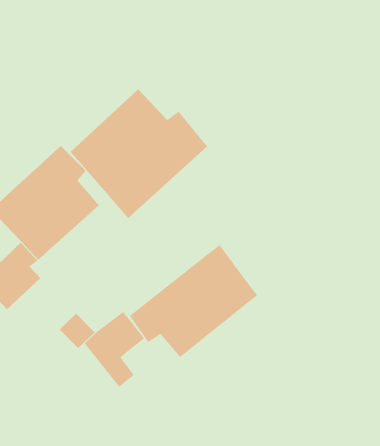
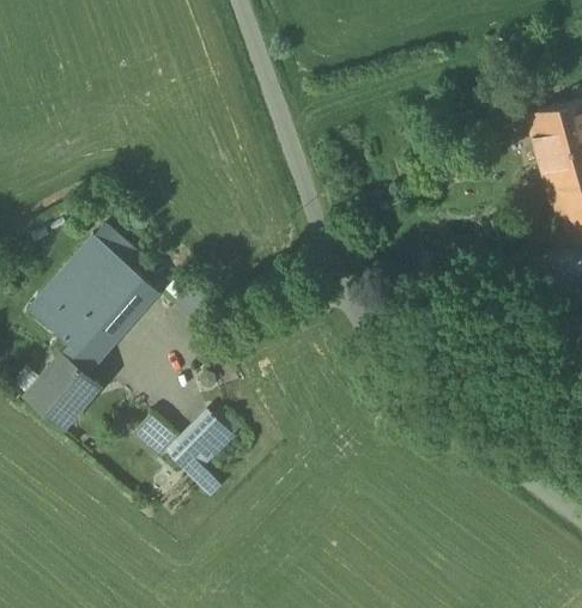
building: [70,89,208,219] -> none
building: [129,244,258,358] -> none

